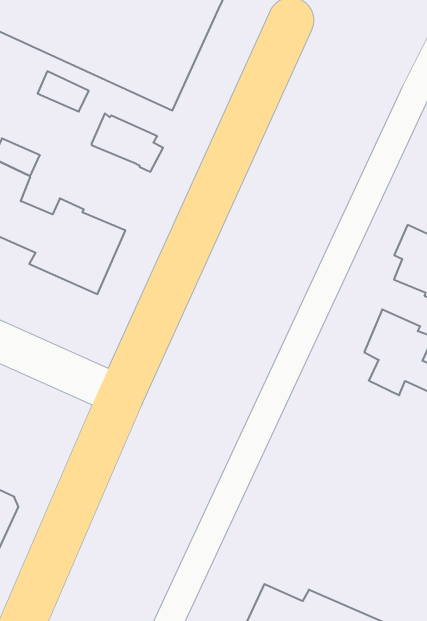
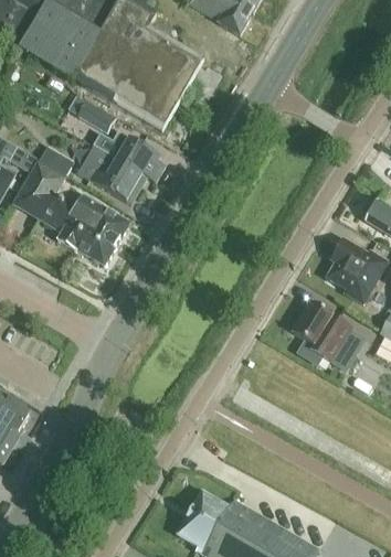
building: none -> [76,144,142,203]

